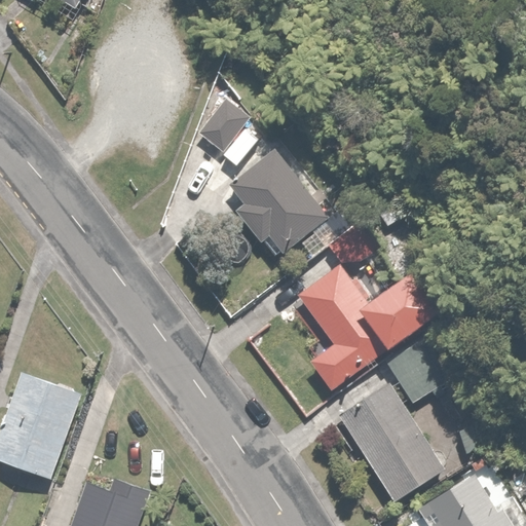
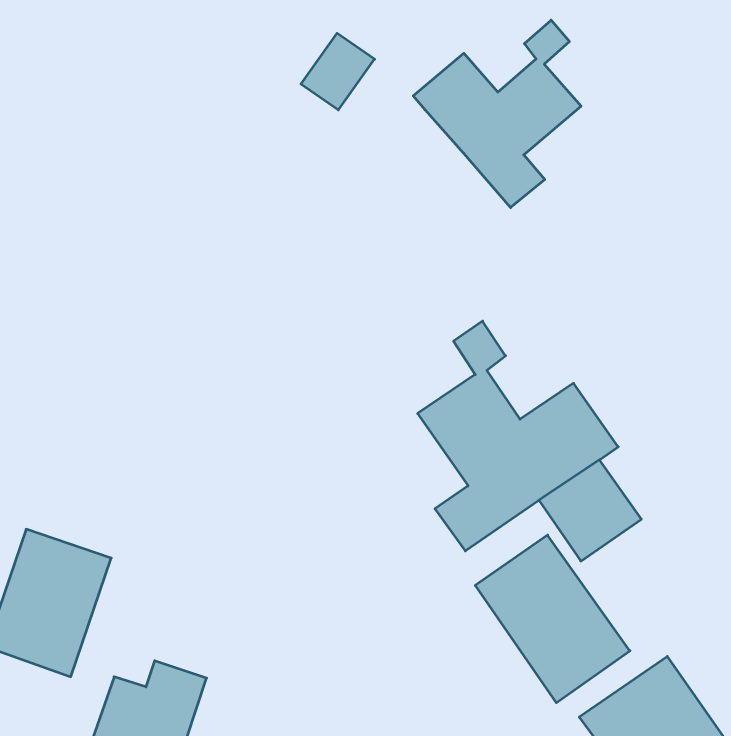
building: none -> [413,20,581,208]
building: [195,101,248,155] -> [301,33,375,110]
building: [225,135,345,255] -> none

